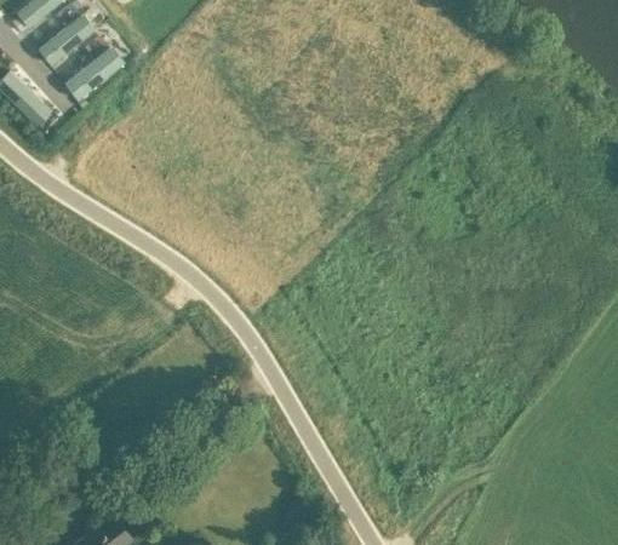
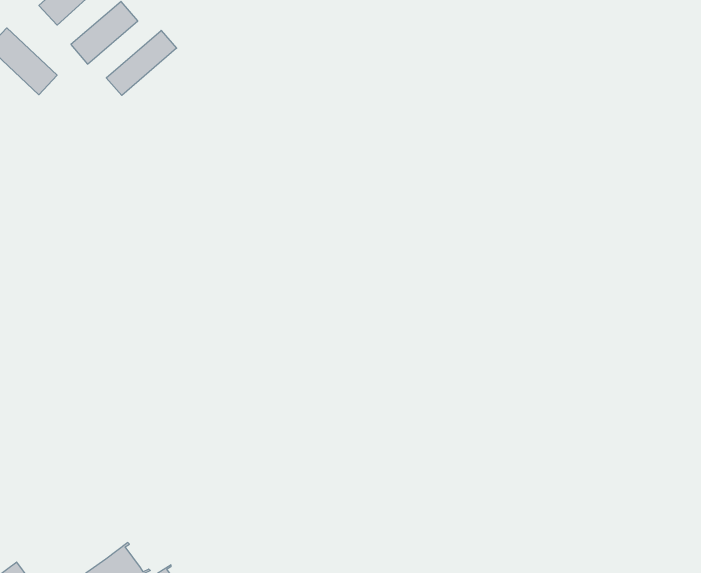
building: none -> [106,30,177,95]

